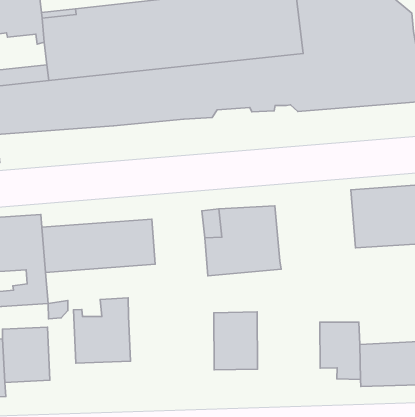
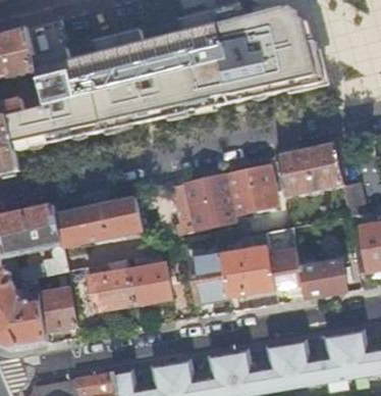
building: none -> [223,163,276,213]
building: none -> [221,246,273,295]
building: none -> [127,262,170,302]

